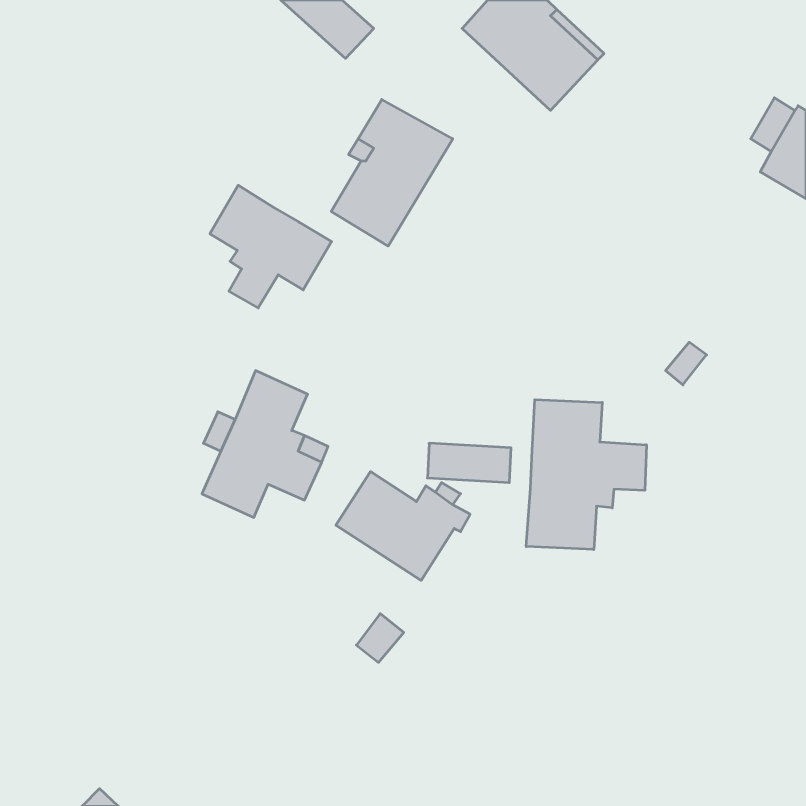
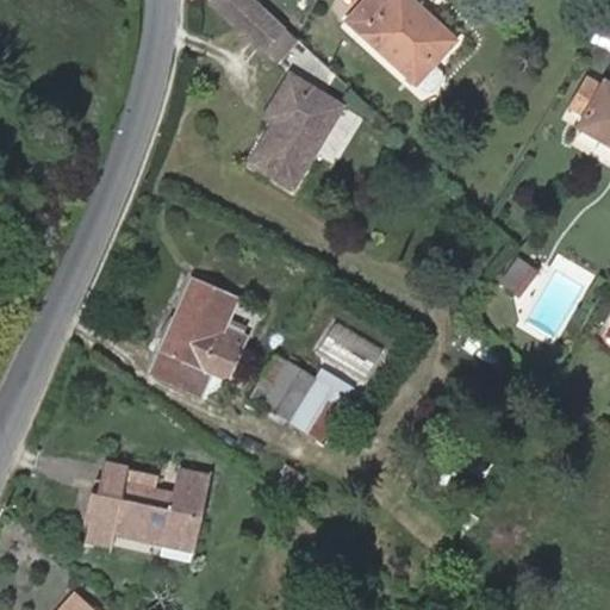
building: [210,185,332,308] -> none
building: [526,400,646,550] -> none
building: none -> [86,463,211,548]

